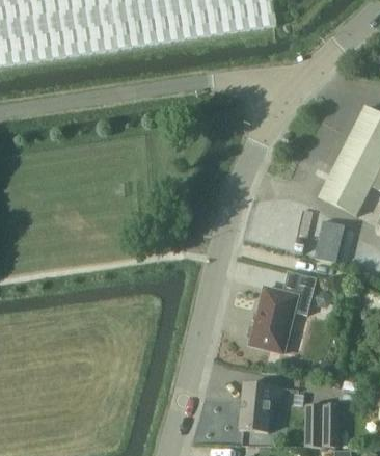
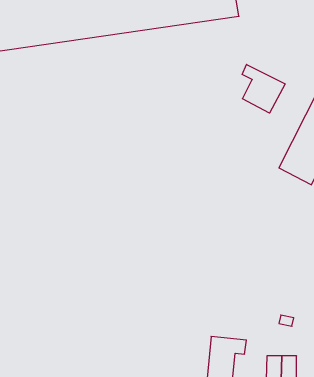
building: none -> [242,64,285,113]
building: [316,220,345,262] -> none
building: [247,270,317,352] -> none

